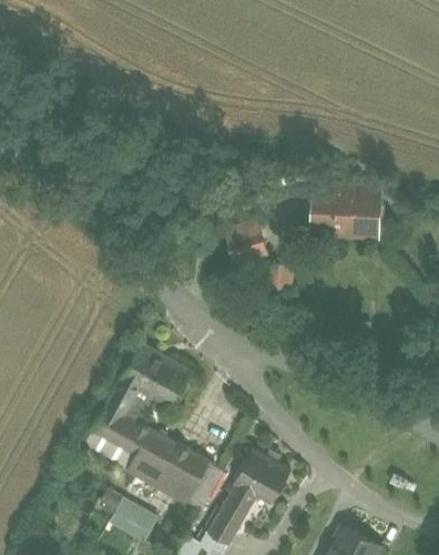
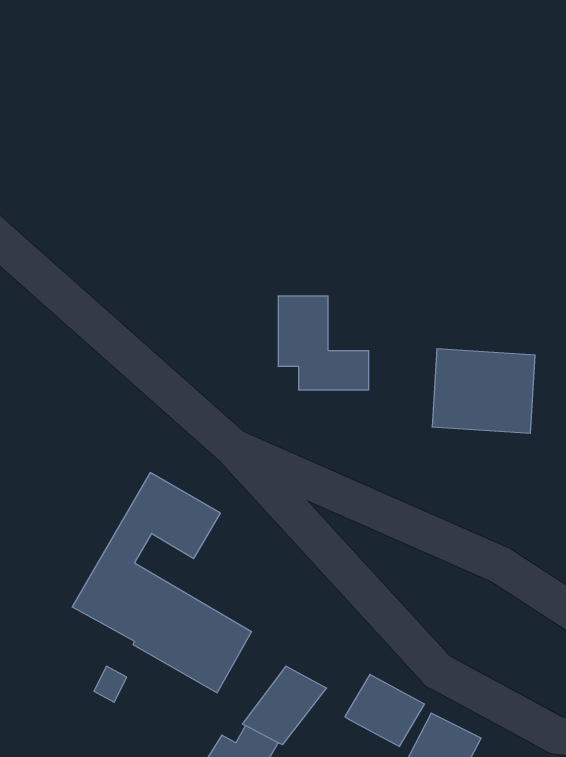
building: [309,181,382,241] -> [432,349,535,433]
building: [233,454,289,505] -> [345,674,425,746]
building: [111,498,160,543] -> none

